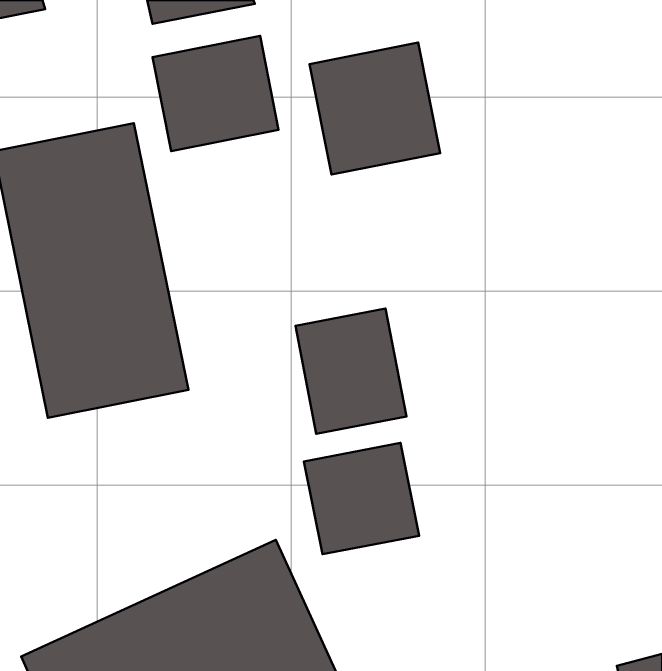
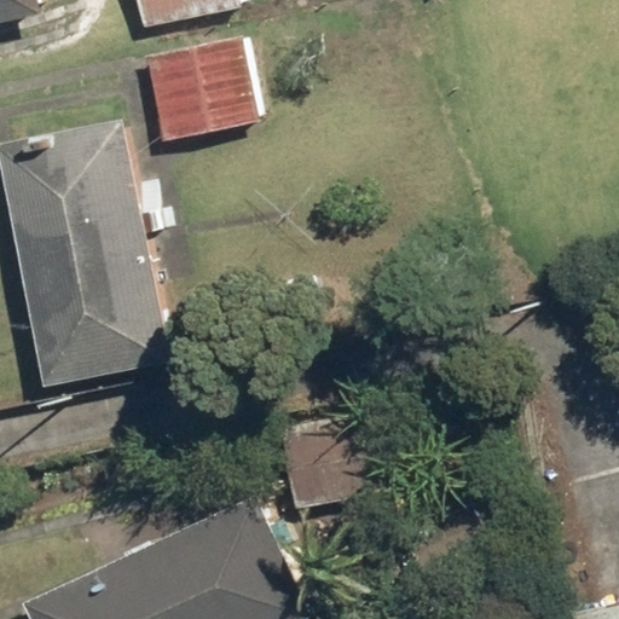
building: [310,43,440,175] -> none
building: [296,308,406,434] -> none

